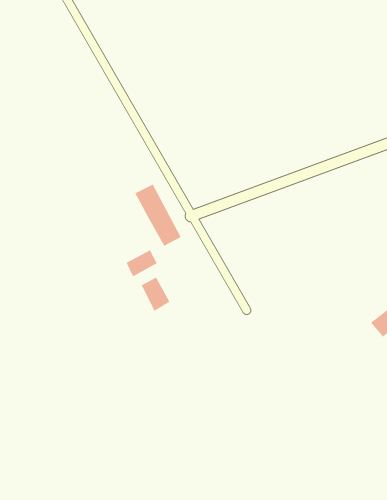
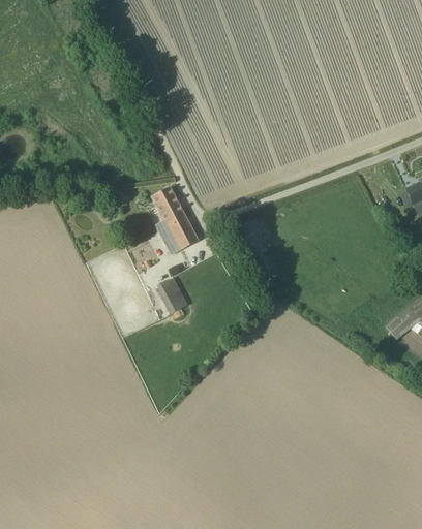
building: [126,250,158,277] -> none

